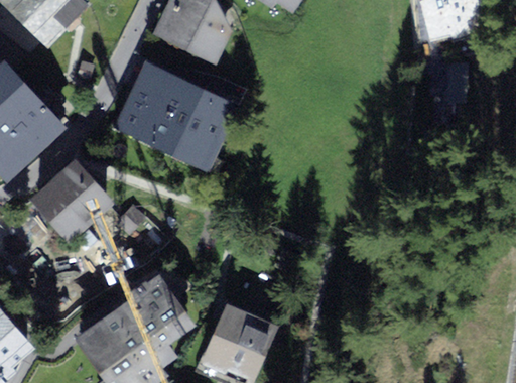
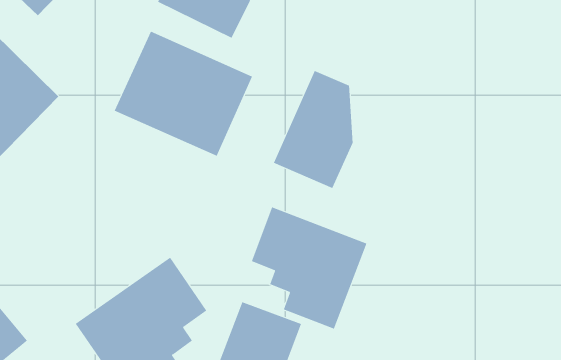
building: none -> [273,70,353,189]
building: [27,161,108,242] -> none
building: none -> [251,206,367,329]

